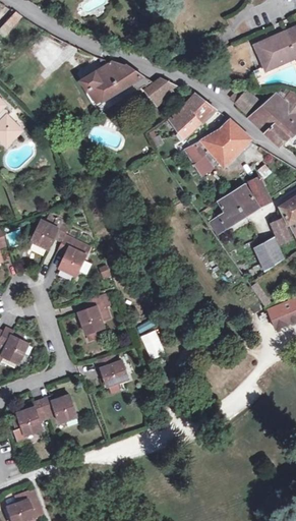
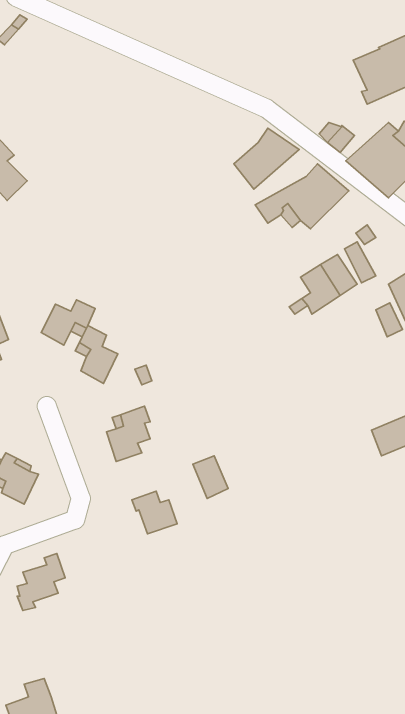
building: [81,57,175,103] -> none
building: [254,239,282,269] -> none
building: [42,394,76,421] -> none

